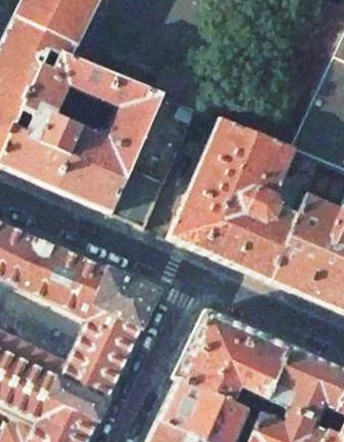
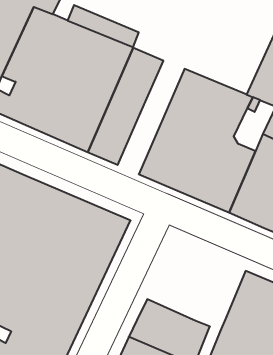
building: [177,312,288,402] -> none

